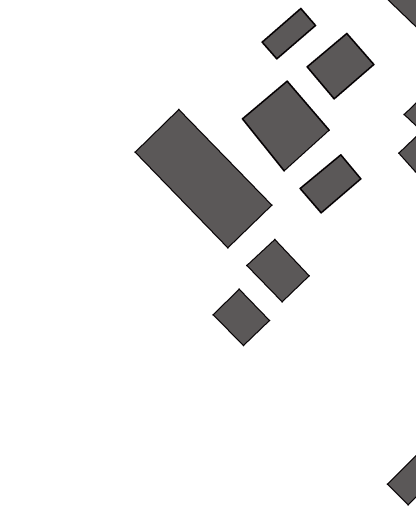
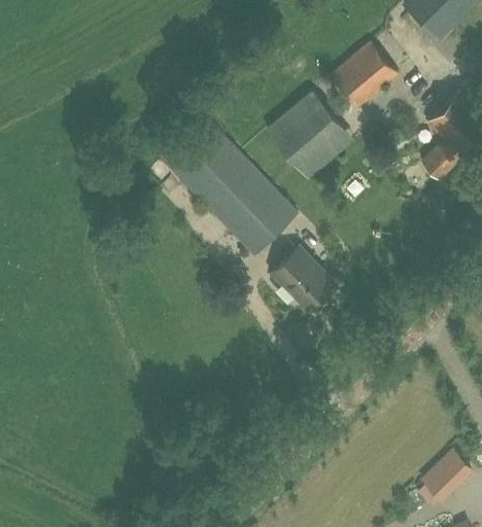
building: [262,9,315,59] -> none
building: [300,155,361,213] -> none
building: [213,289,269,345] -> none

